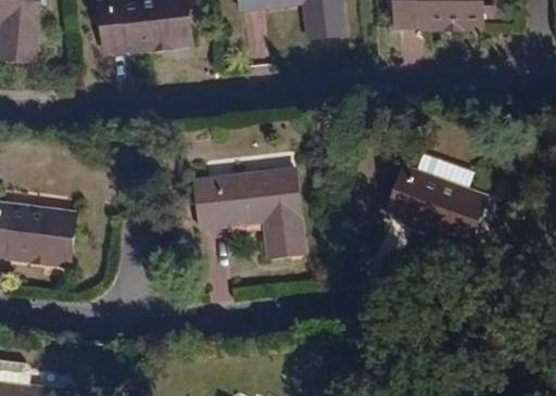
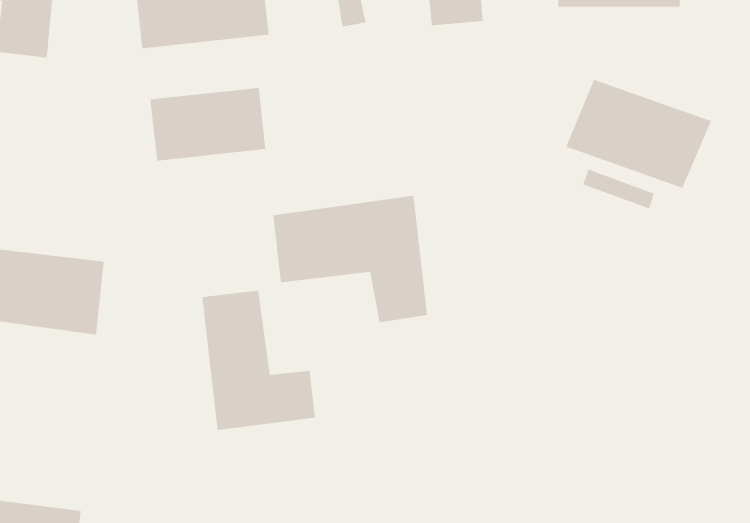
building: none -> [150,87,266,161]
building: [388,161,491,238] -> [566,79,712,189]
building: none -> [202,290,316,431]

